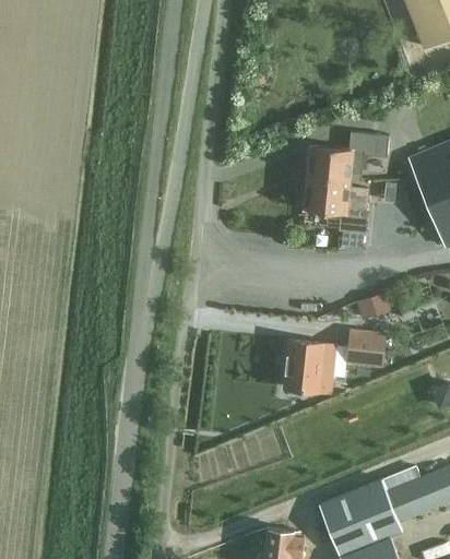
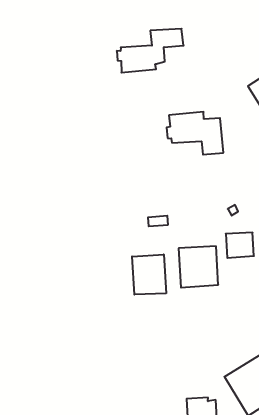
building: [305,132,389,180] -> [117,29,184,73]
building: none -> [132,254,166,295]

